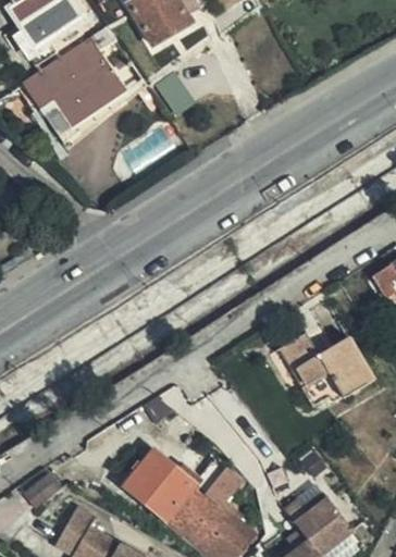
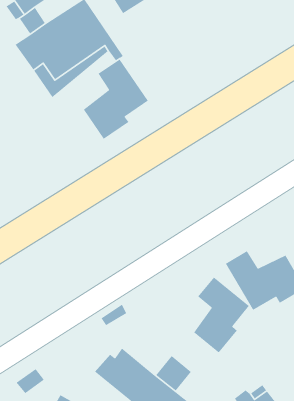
building: none -> [83,59,149,140]
building: none -> [193,277,250,354]

